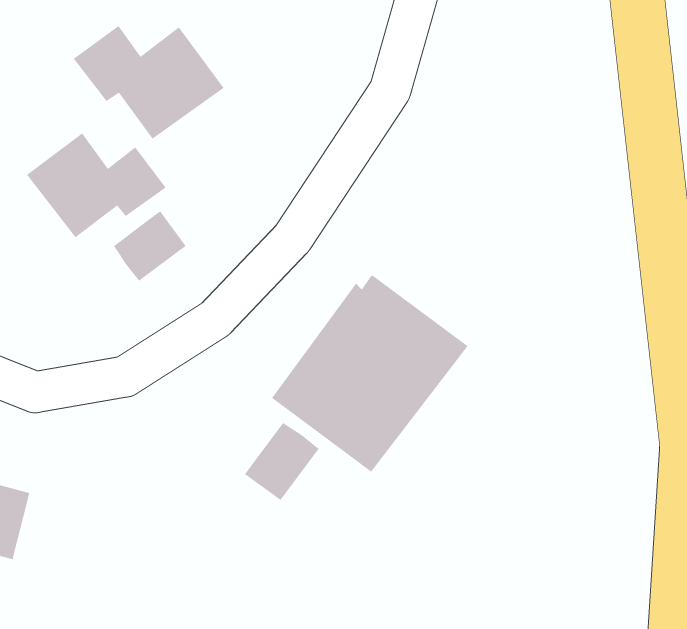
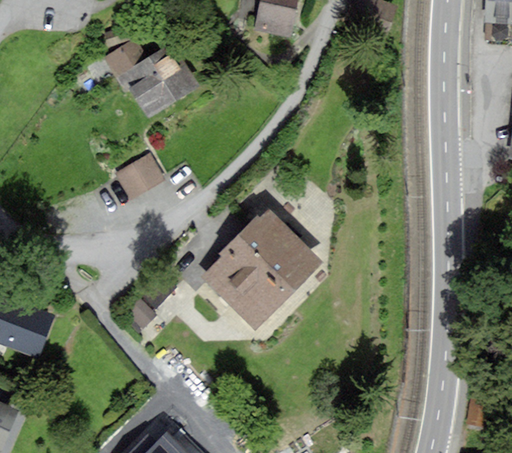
building: [26,132,167,238] -> none
building: [244,422,319,501] -> none

